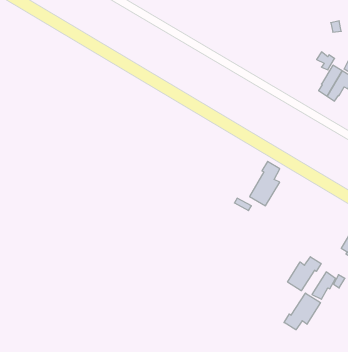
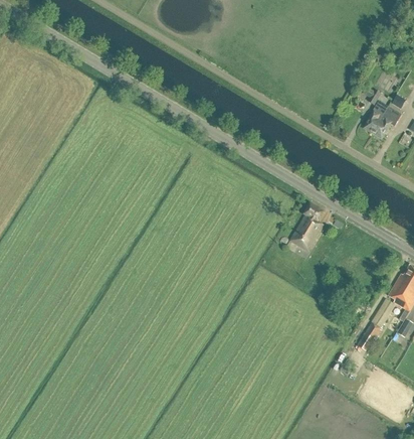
building: [288,257,321,291] -> none
building: [284,293,320,330] -> none

